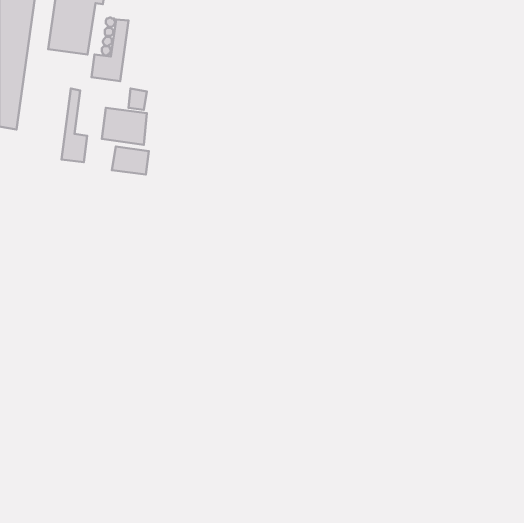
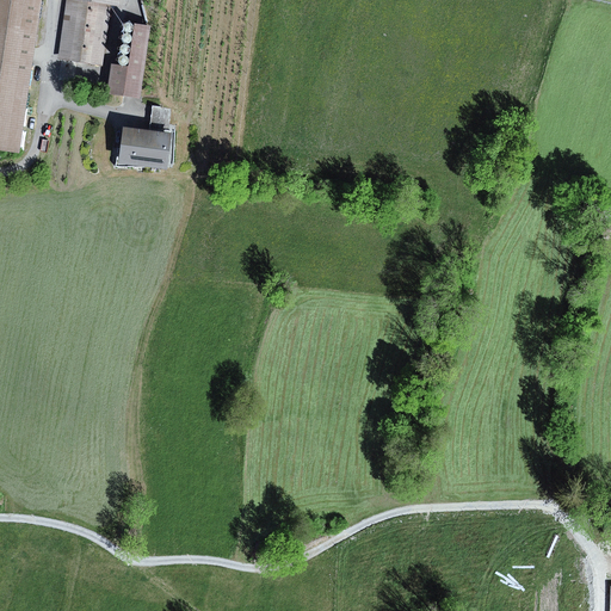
building: [61,89,87,162] -> none
building: [112,147,149,174] -> none

